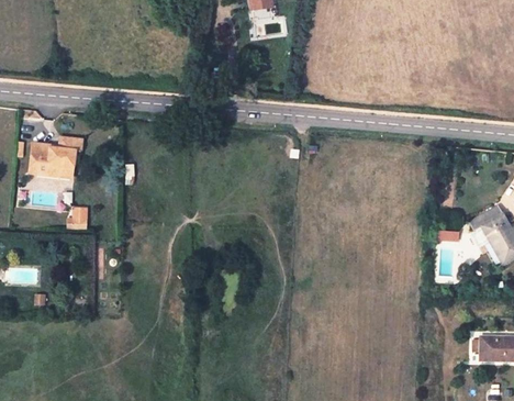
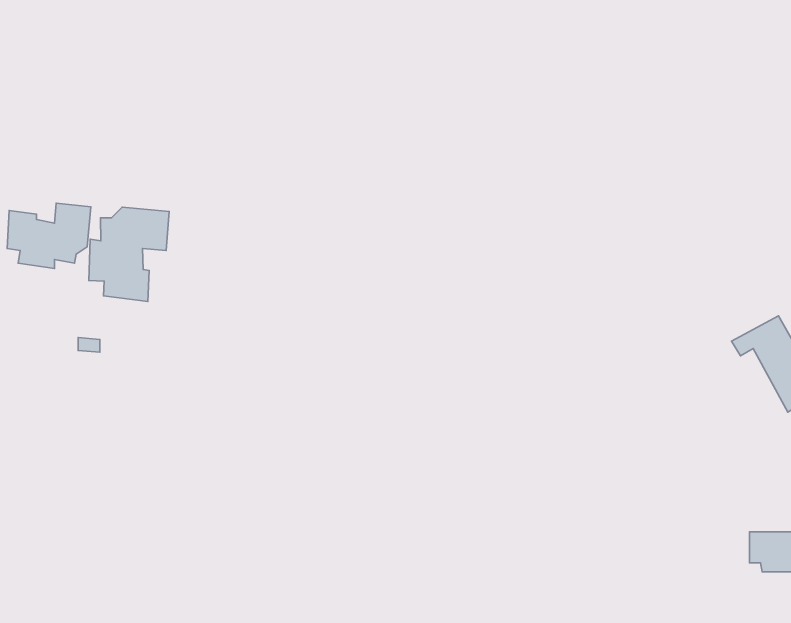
building: none -> [89,207,169,302]

